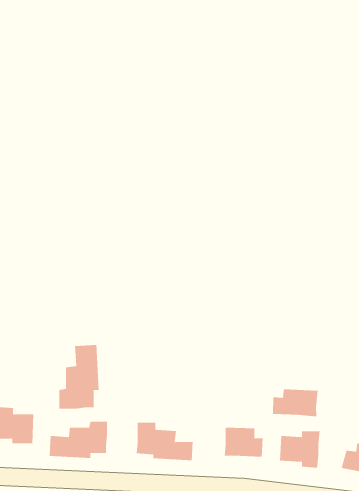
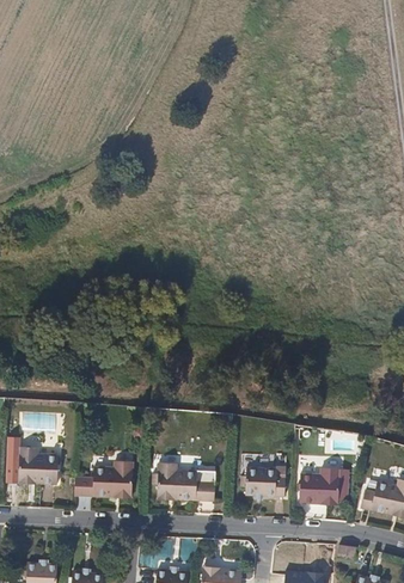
building: [59,344,99,410] -> none
building: [273,388,318,417] -> none

